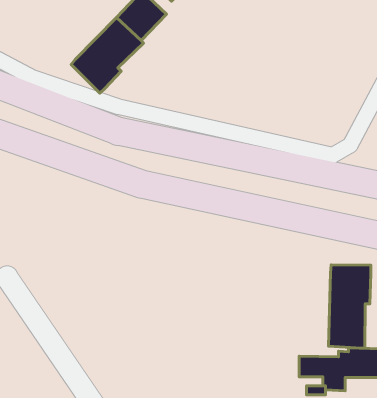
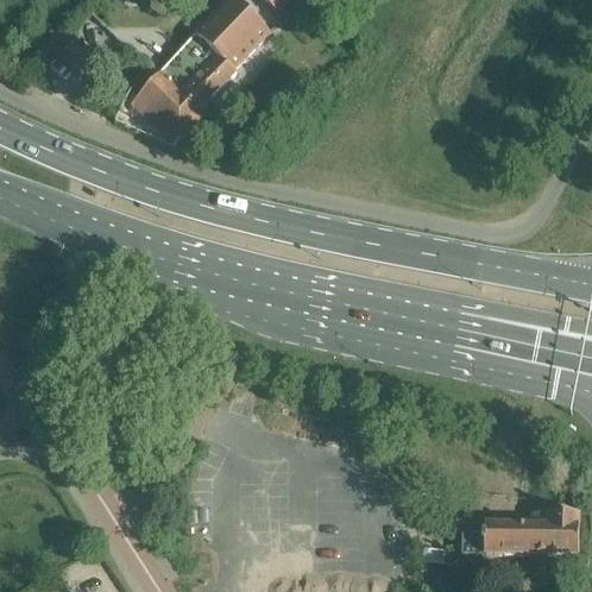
building: [329,265,371,348] -> none

